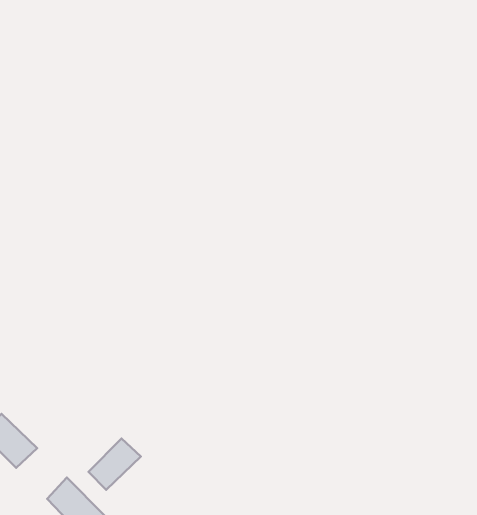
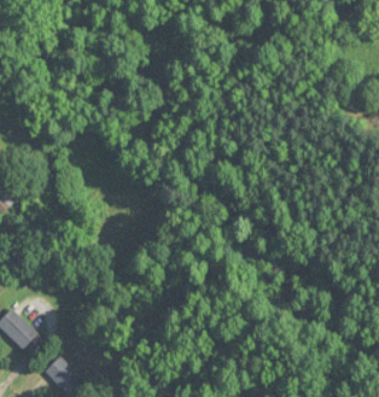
building: [88,439,141,490] -> none

